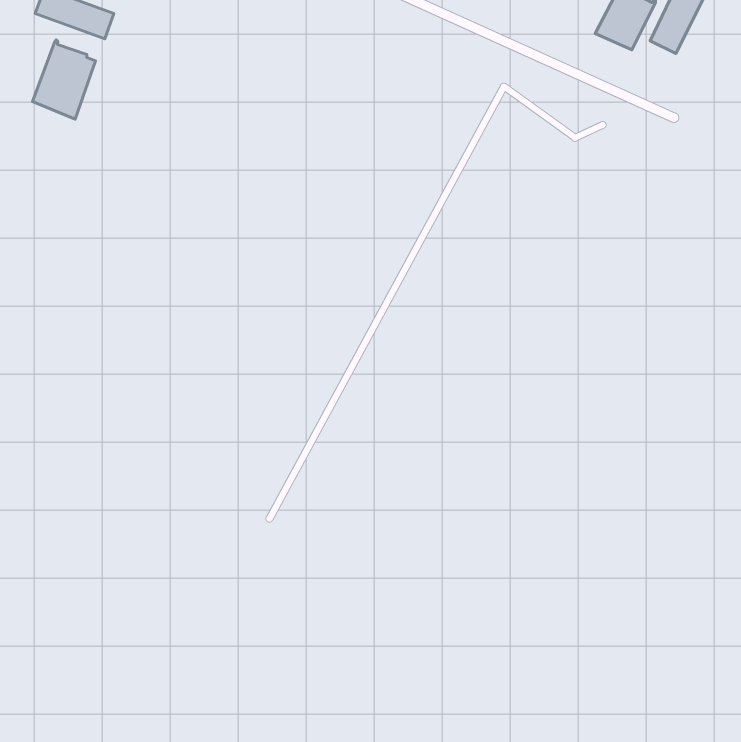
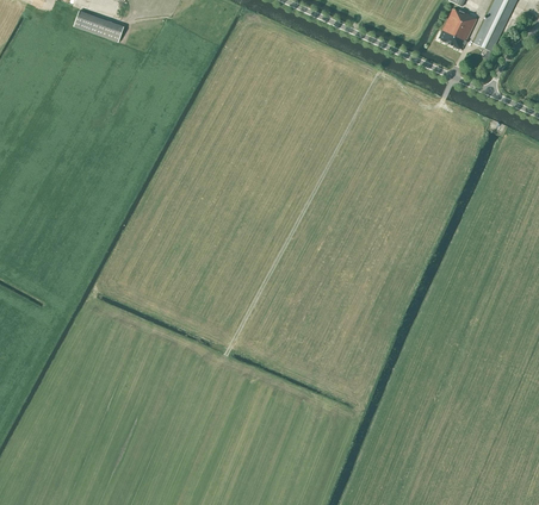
building: [33,40,96,119] -> none

